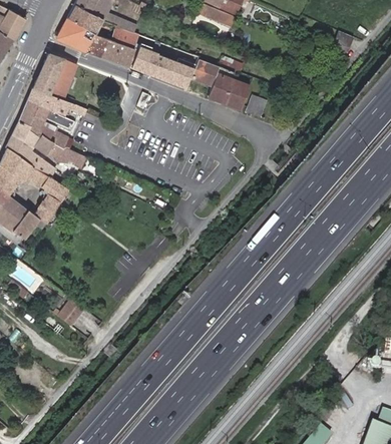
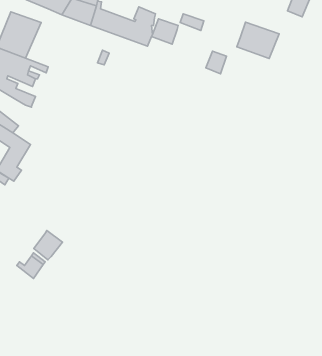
building: [208,71,251,108] -> [237,22,279,58]
building: [44,142,86,169] -> none
building: none -> [34,231,62,260]

